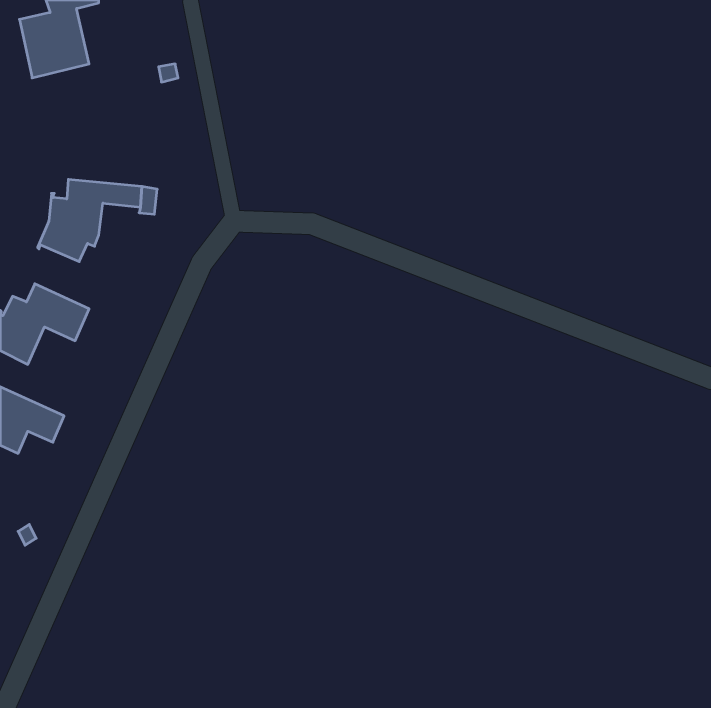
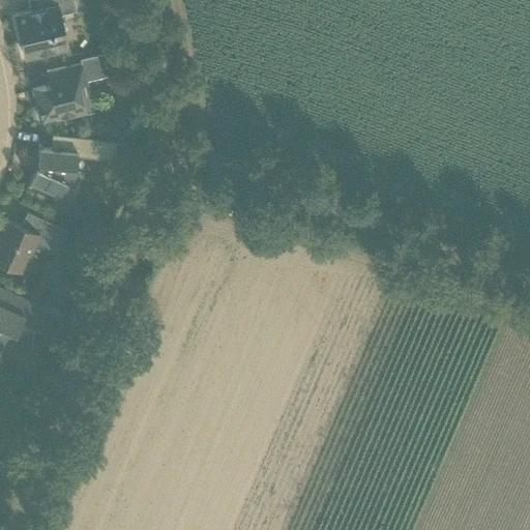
building: none -> [31,53,118,122]

